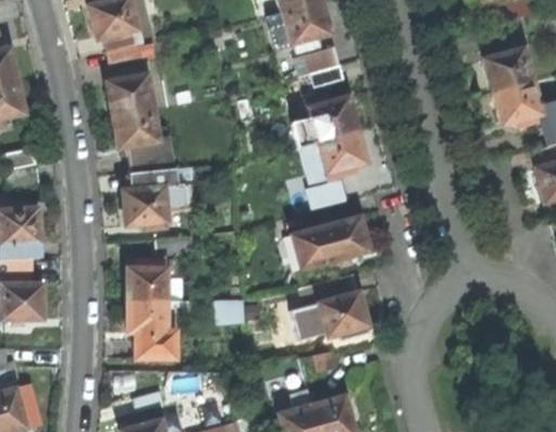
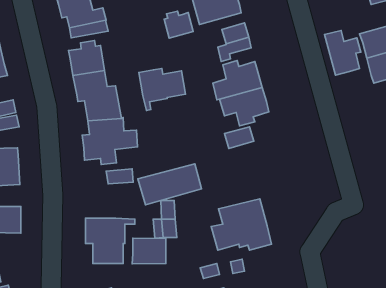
building: none -> [164,11,193,38]
building: none -> [324,30,361,75]
building: none -> [139,68,186,110]
building: [285,218,368,271] -> [138,164,202,205]
building: [127,261,166,299] -> none
building: none -> [132,238,166,264]

